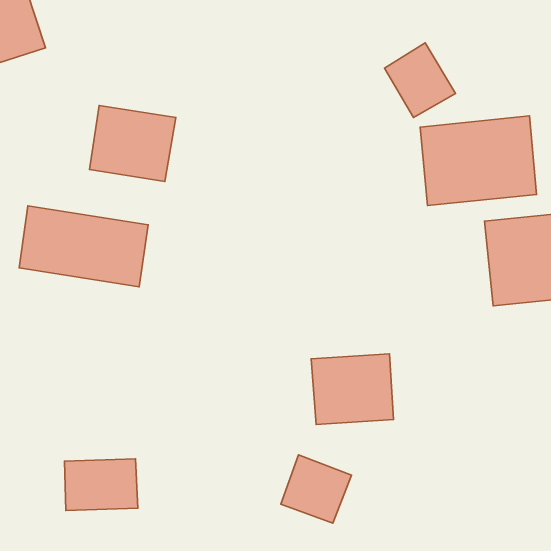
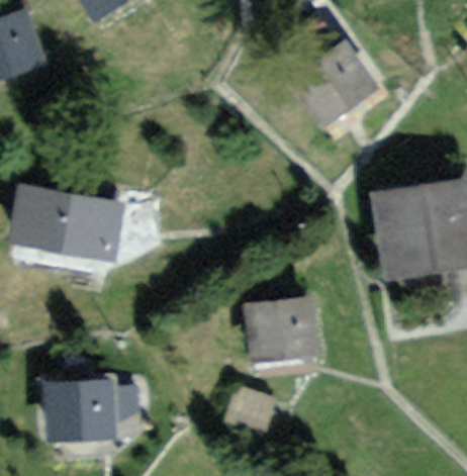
building: [89,105,176,182] -> none
building: [420,116,537,206] -> none

